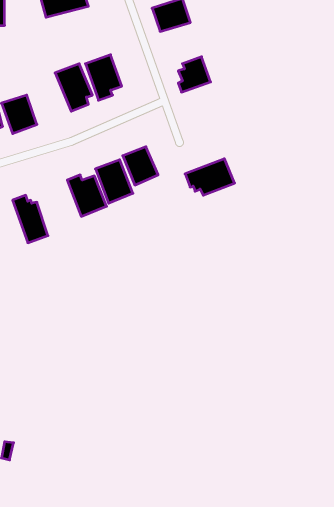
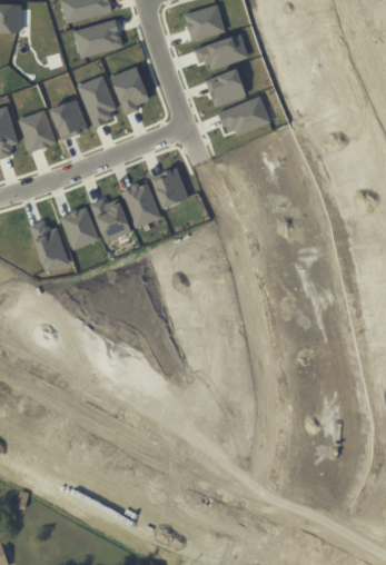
building: none -> [73,19,123,59]
building: none -> [194,33,250,71]
building: none -> [51,99,89,140]
building: [185,159,235,195] -> [217,96,271,136]
building: none -> [60,206,100,250]

